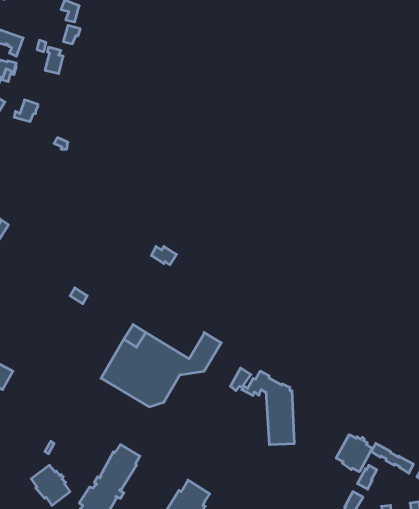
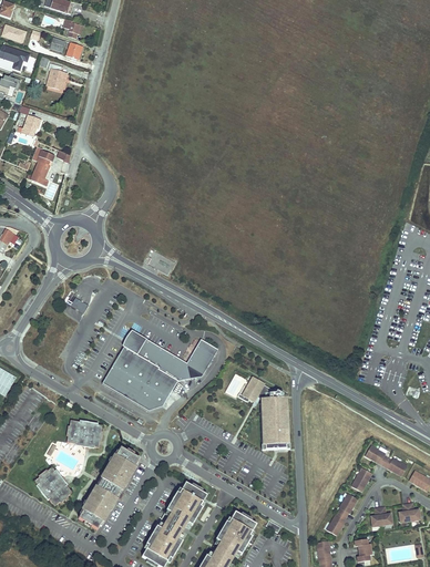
building: none -> [27,146,54,186]
building: none -> [66,420,102,450]
building: [336,435,372,472] -> none

